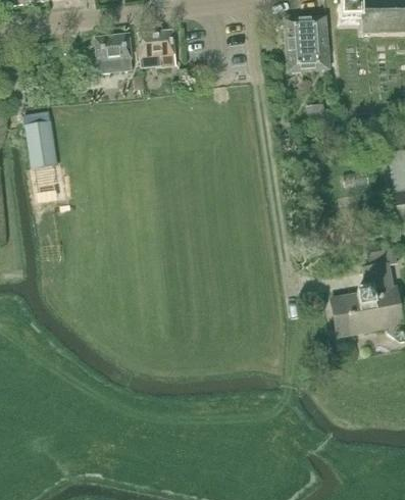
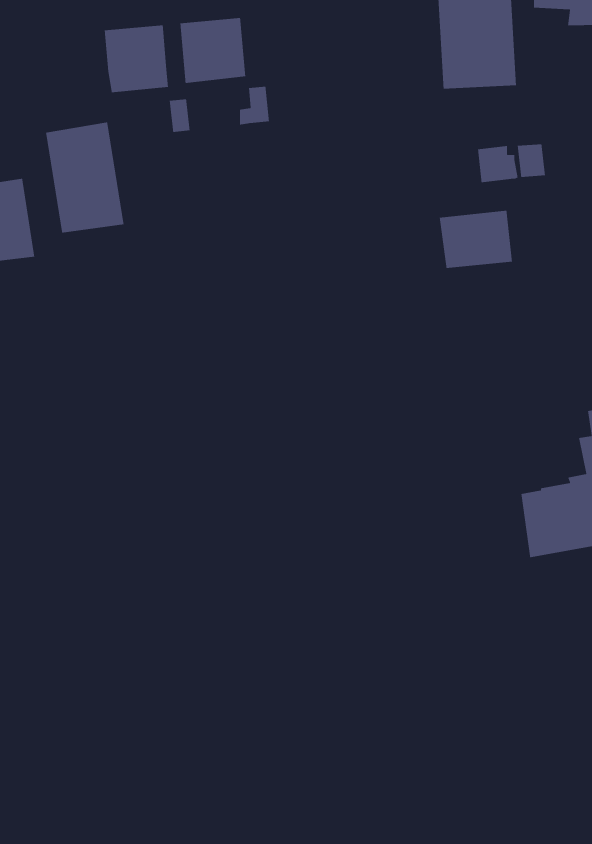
building: none -> [45,121,124,234]
building: none -> [439,210,513,269]

